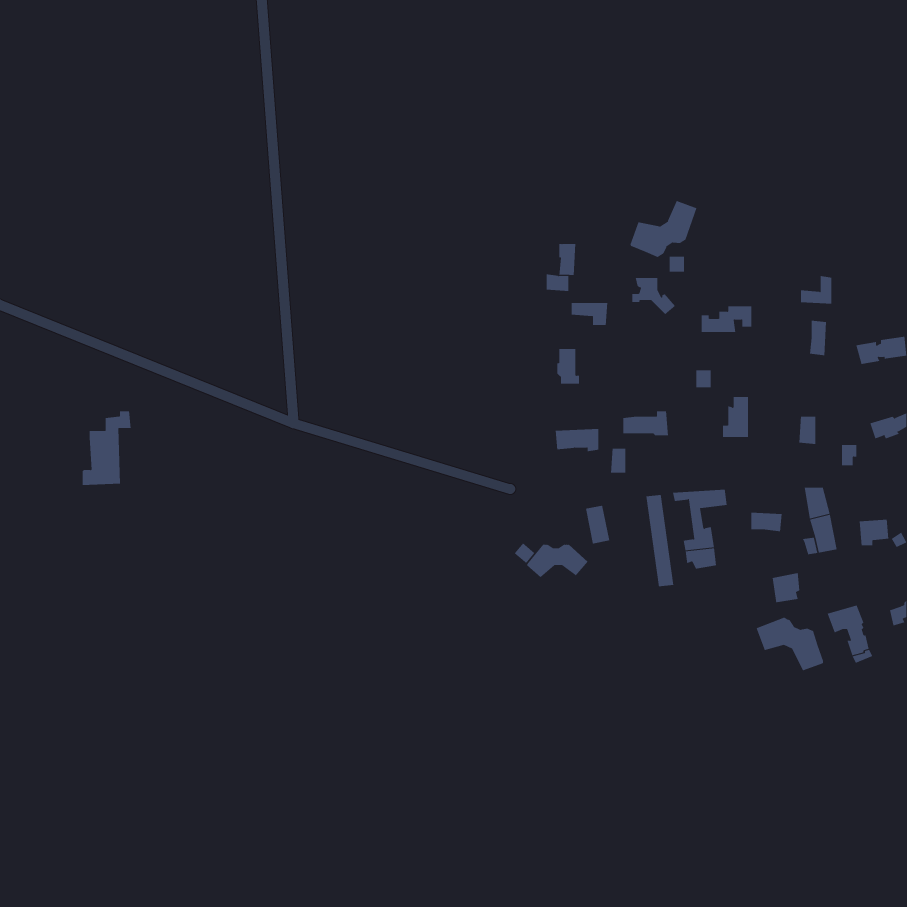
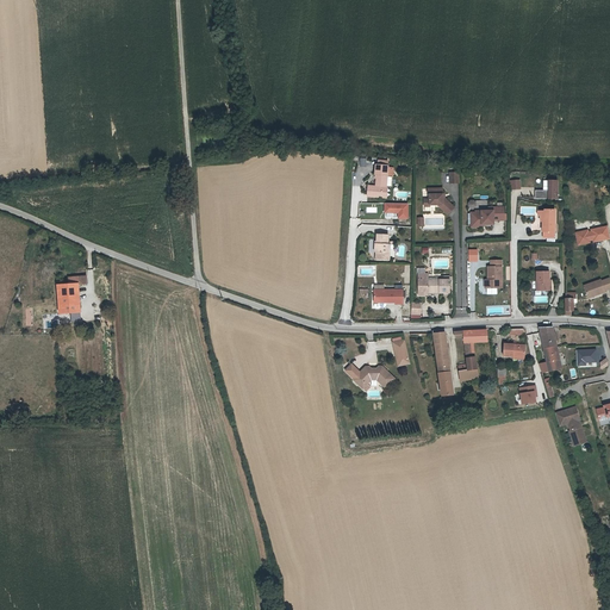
building: [630,200,697,258] -> none
building: [756,617,824,671] -> none

